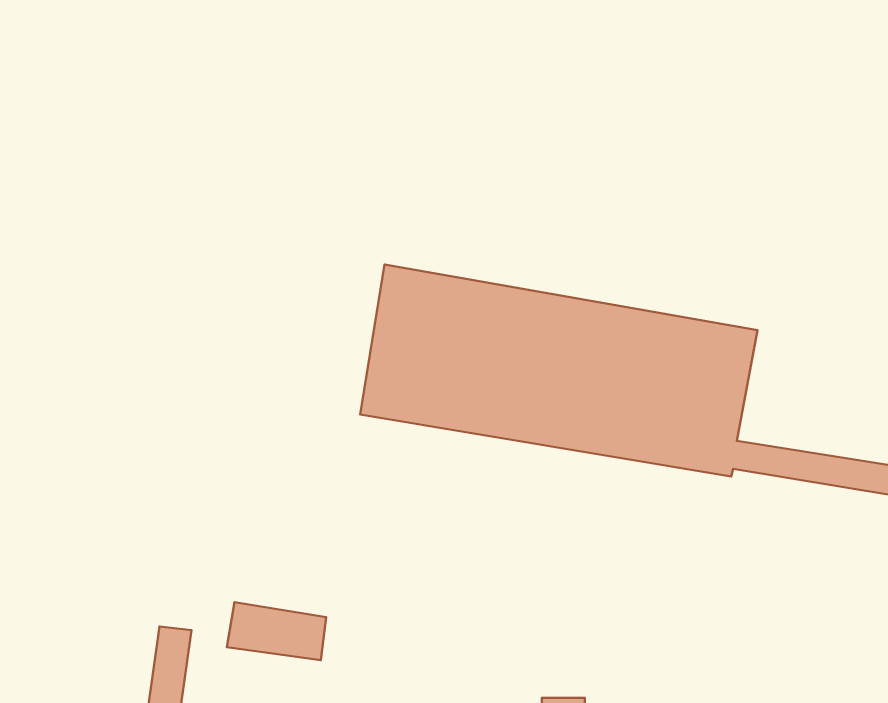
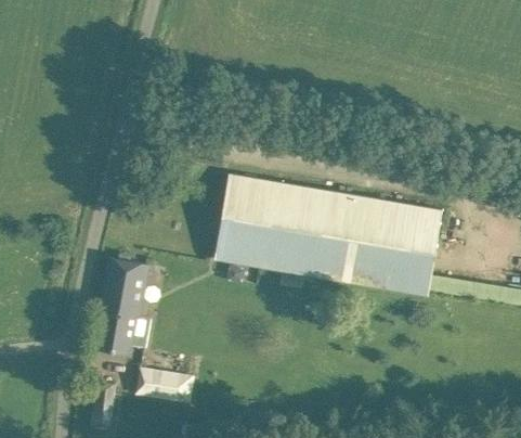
building: none -> [94,258,153,355]

